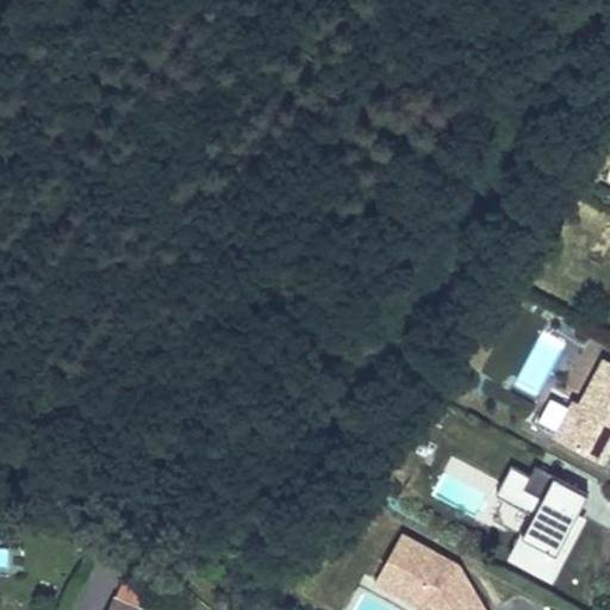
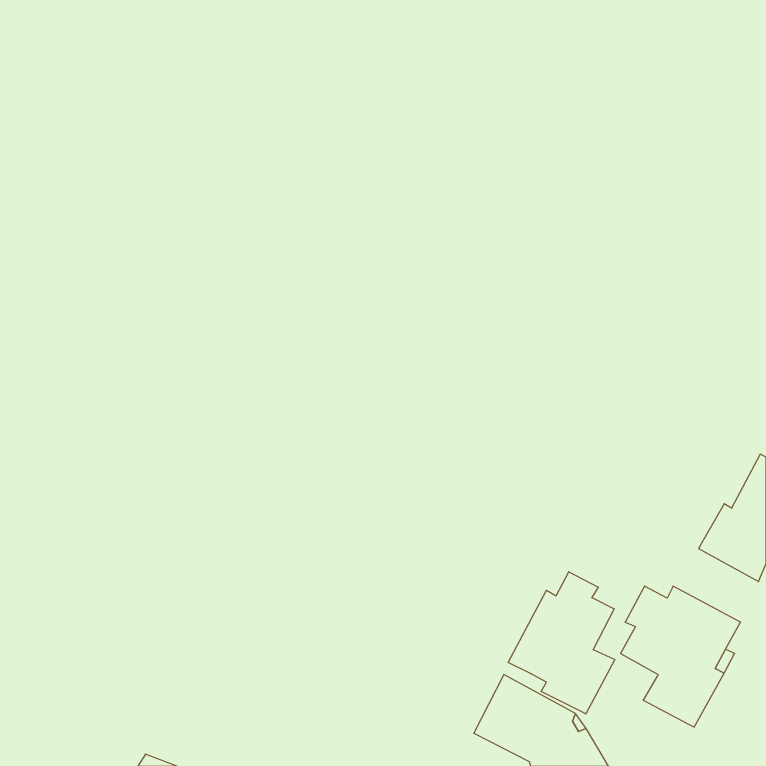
building: none -> [508,572,615,714]

